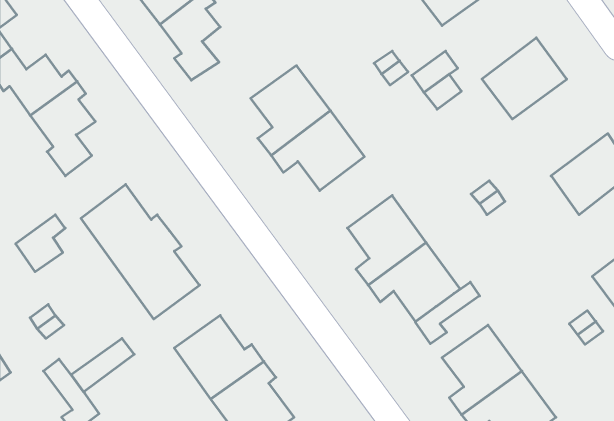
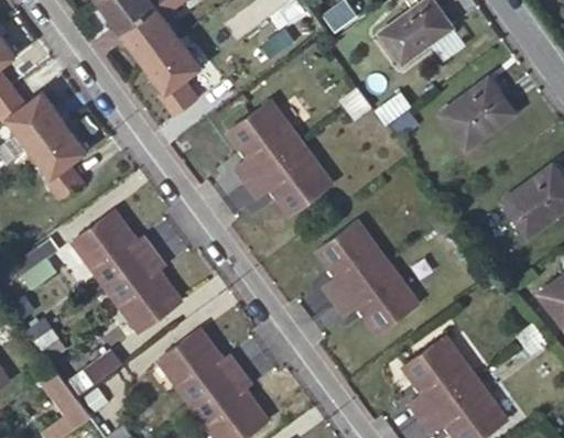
building: [415,282,480,344] -> none

